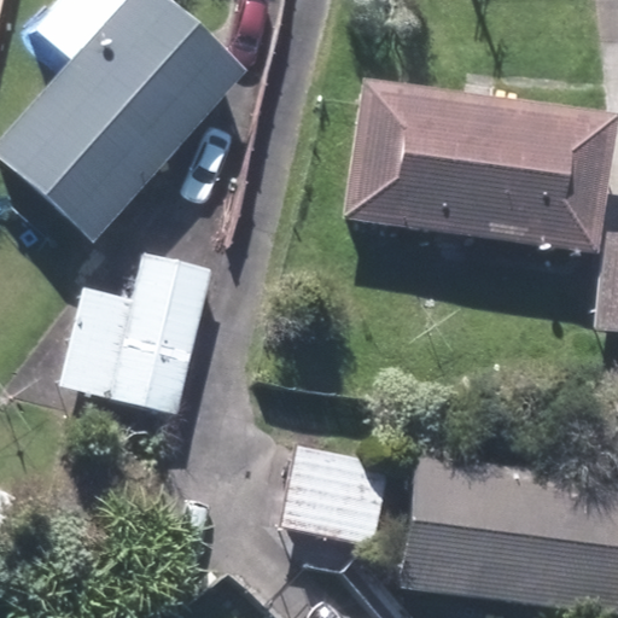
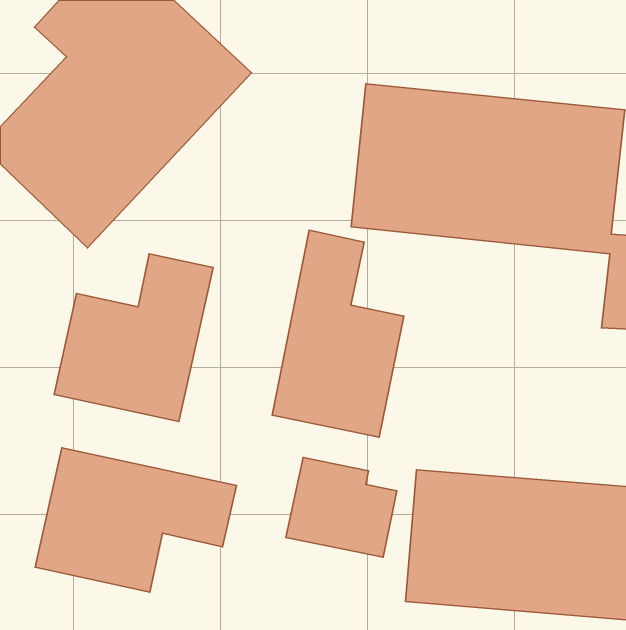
building: none -> [272,230,404,437]
building: none -> [35,448,236,592]

